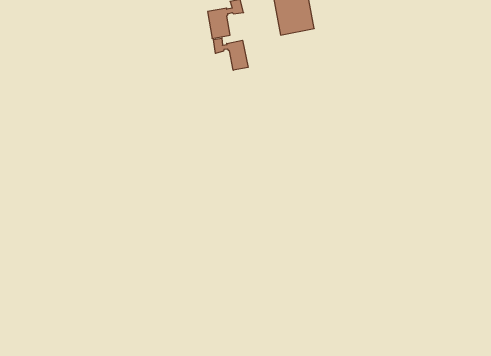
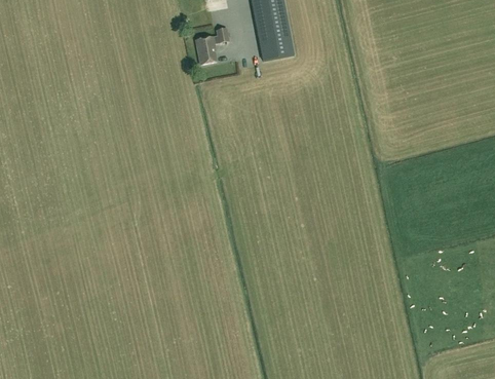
building: [213,38,248,70] -> none

